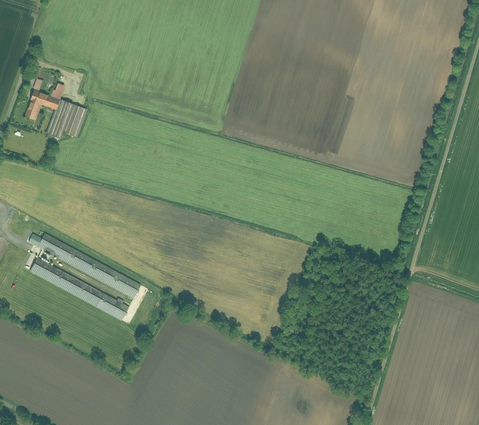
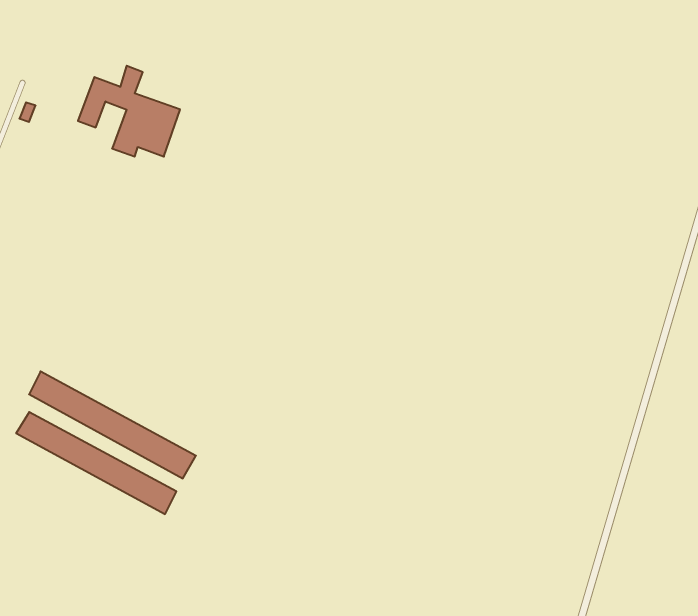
building: [24,82,87,138] -> [78,66,180,157]

